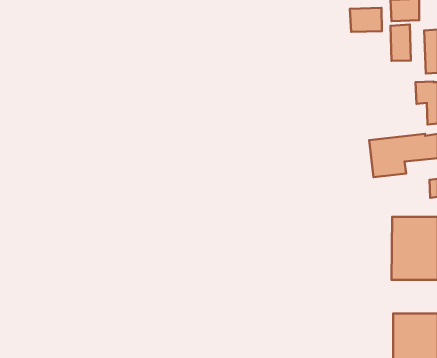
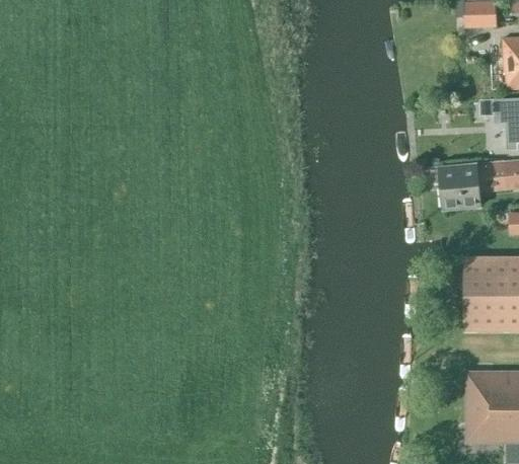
building: [350,8,382,32] -> none
building: [390,25,411,61] -> none

